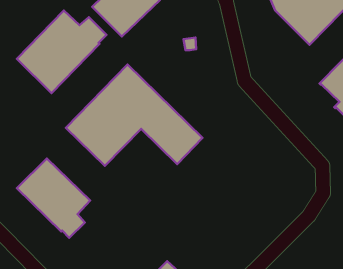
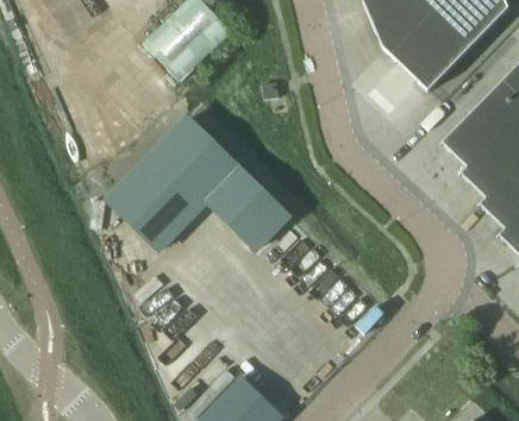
building: [17,11,107,93] -> none
building: [17,158,90,238] -> none

